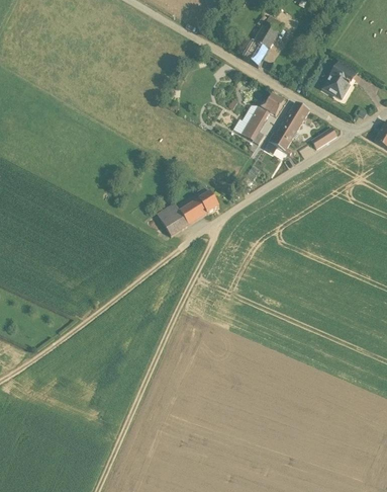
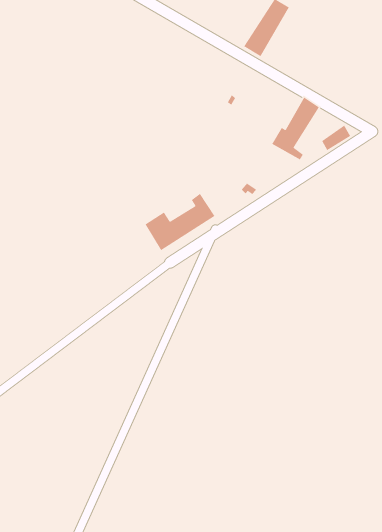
building: [323,62,357,97] -> none
building: [243,93,284,143] -> none

